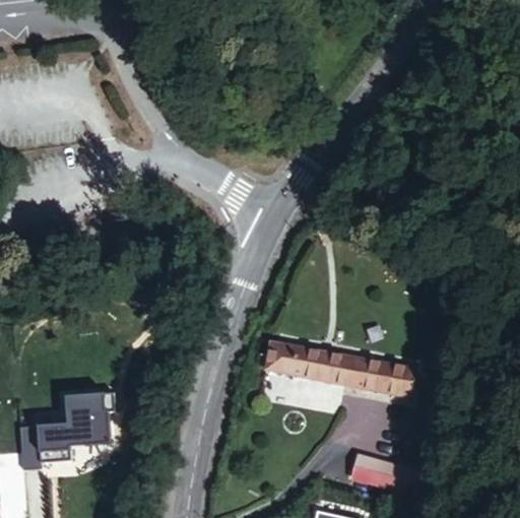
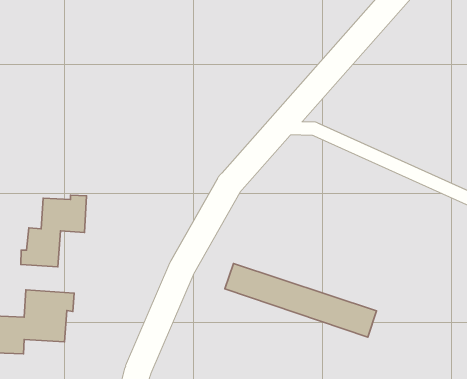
building: none -> [21,195,86,267]

